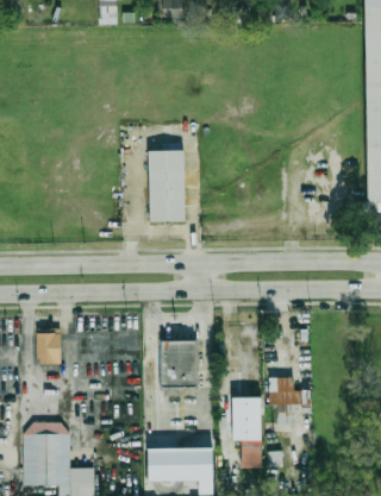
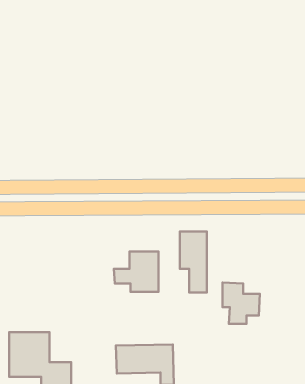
building: [150,150,186,221] -> none
building: [39,331,63,362] -> none
building: [231,396,262,466] -> [180,231,207,293]

